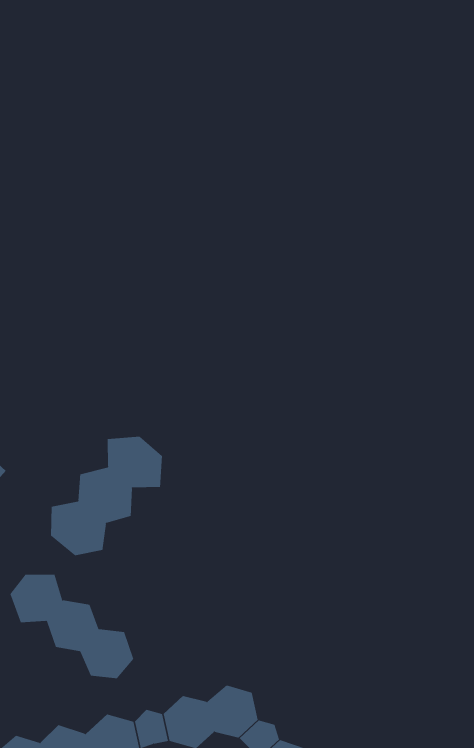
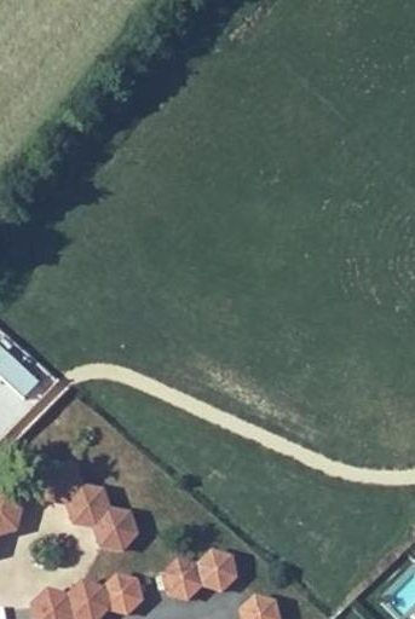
building: [50,436,163,556] -> none

